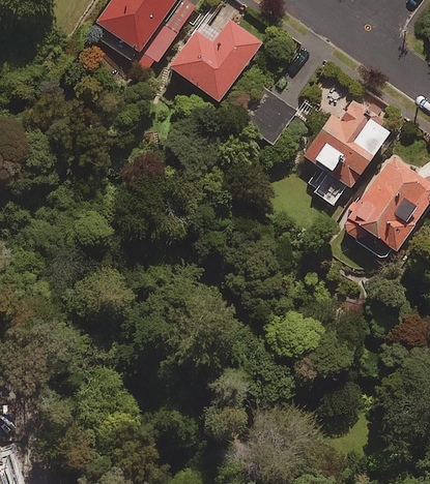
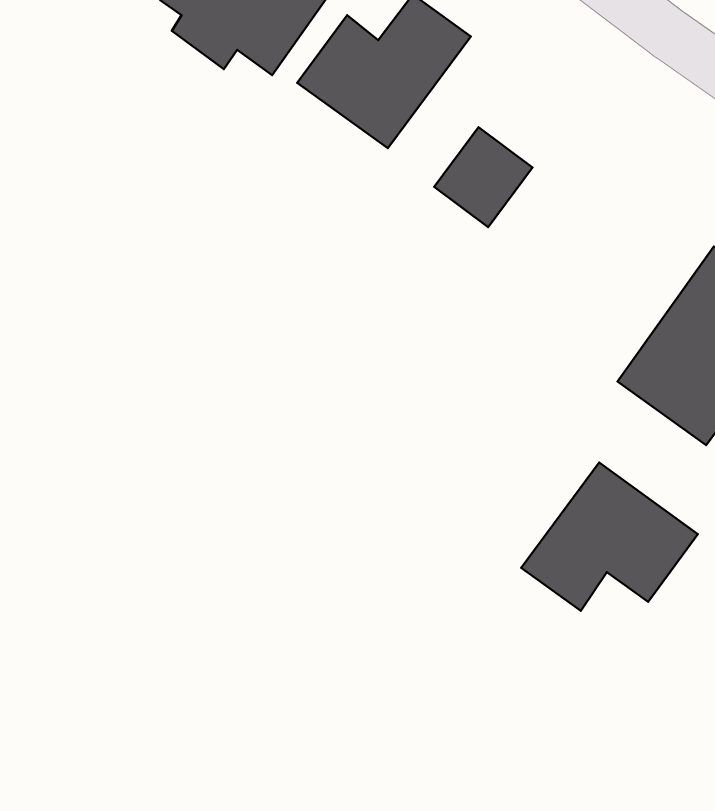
building: [304,98,389,204] -> none
building: none -> [521,462,698,611]

